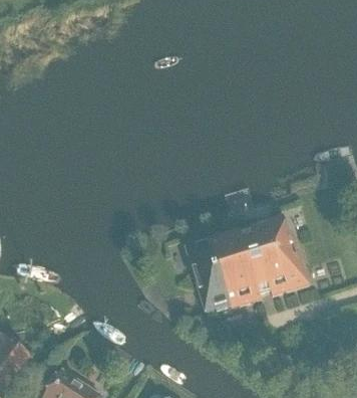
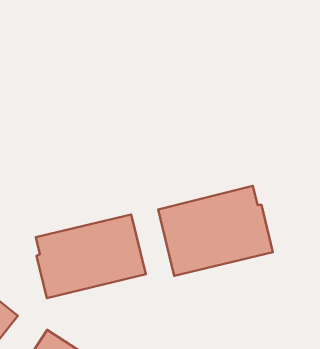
building: none -> [36,214,146,298]

